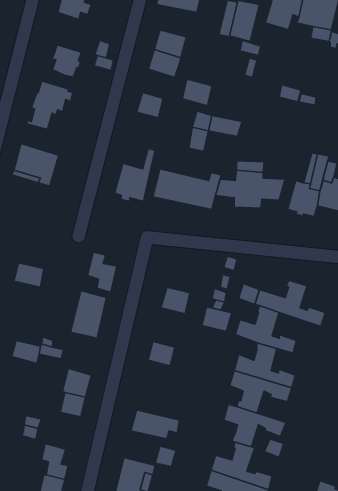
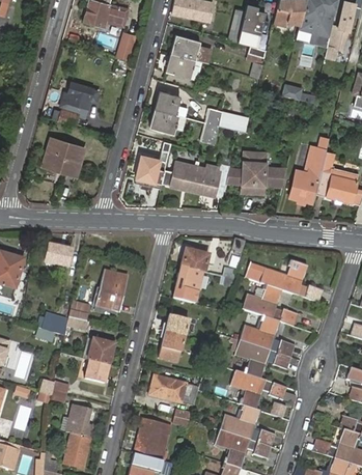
building: [52,45,81,77] -> none
building: [182,79,212,106] -> [150,109,177,133]
building: [88,252,117,292] -> none
building: [202,307,232,332] -> [182,249,208,272]
building: none -> [159,331,185,362]

